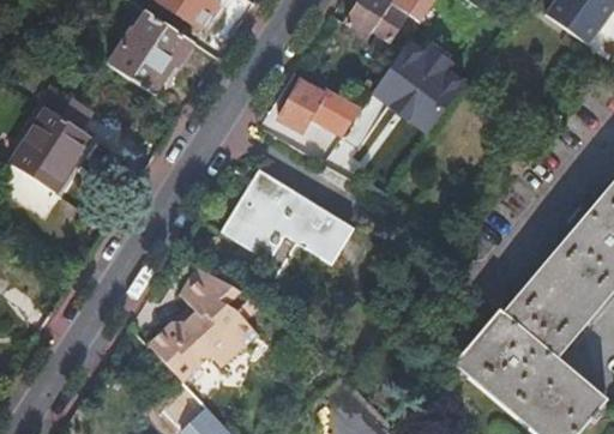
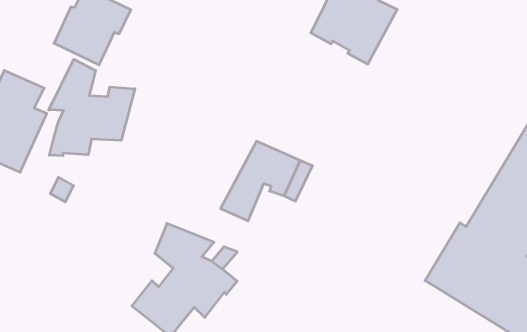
building: [277,82,360,135] -> none
building: none -> [49,59,135,156]
building: [218,170,300,259] -> none

